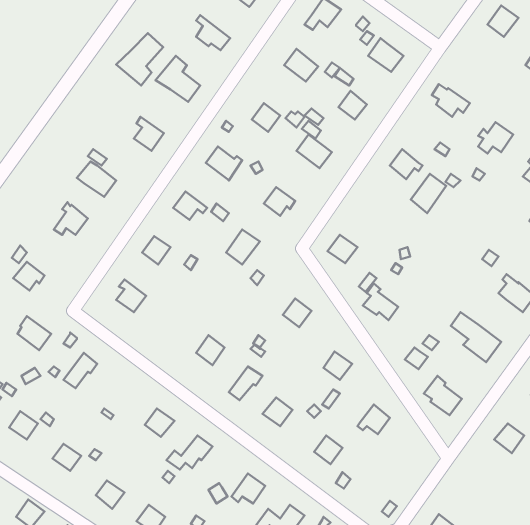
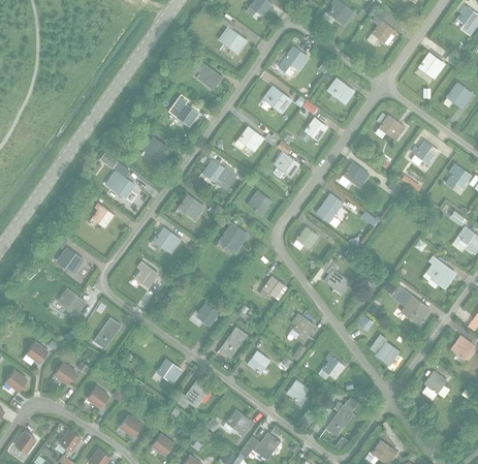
building: [116,33,163,85] -> none
building: [411,174,446,213] -> [316,193,343,223]
building: none -> [327,402,362,432]

